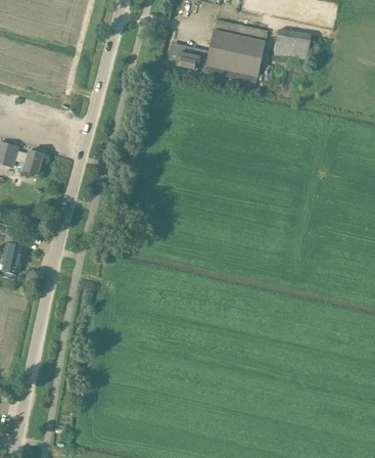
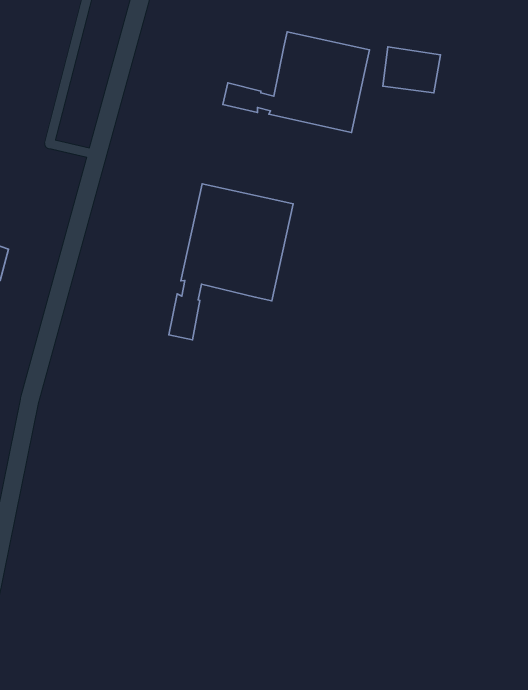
building: none -> [169,184,293,340]

